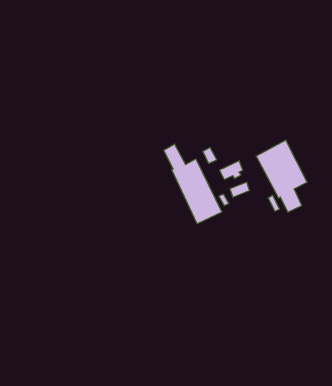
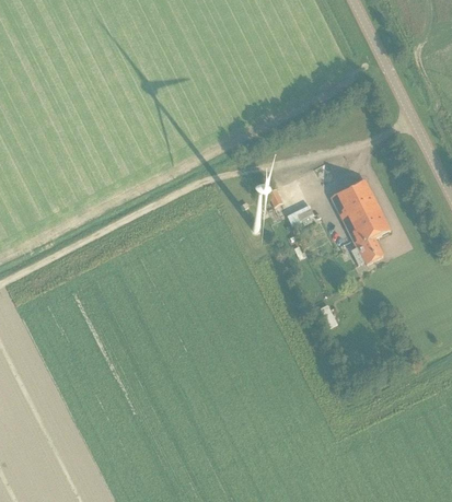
building: [164,144,222,224] -> none

